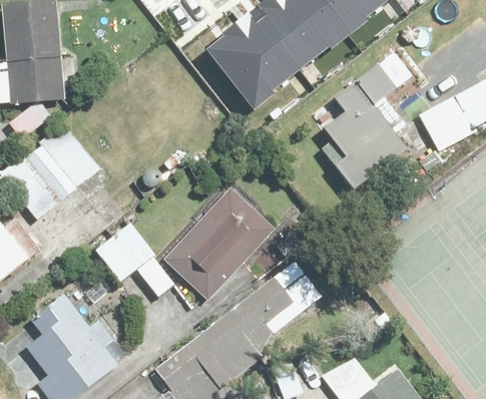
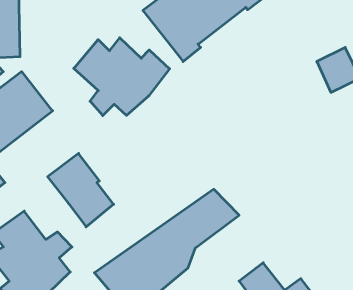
building: [320,64,409,190] -> none
building: none -> [74,38,170,116]
building: [161,185,275,301] -> none

